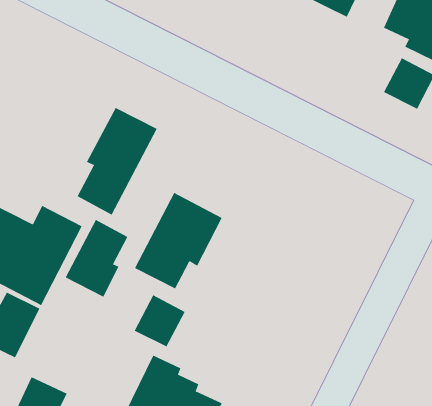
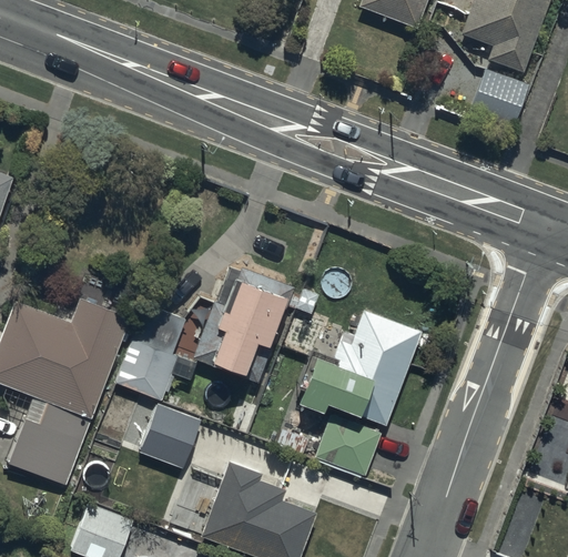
building: [77,107,157,216] -> none
building: none -> [296,308,419,425]
building: [134,295,185,347] -> [141,404,200,465]
building: none -> [315,416,382,478]

